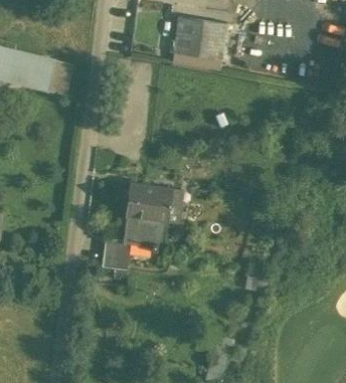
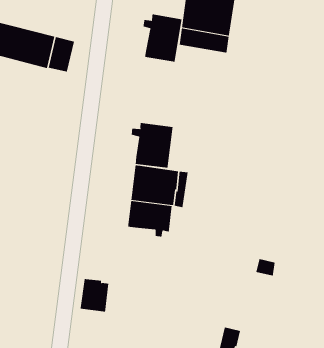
building: none -> [143,14,182,63]
building: none -> [131,122,173,169]
building: [102,237,130,269] -> [80,278,109,312]

